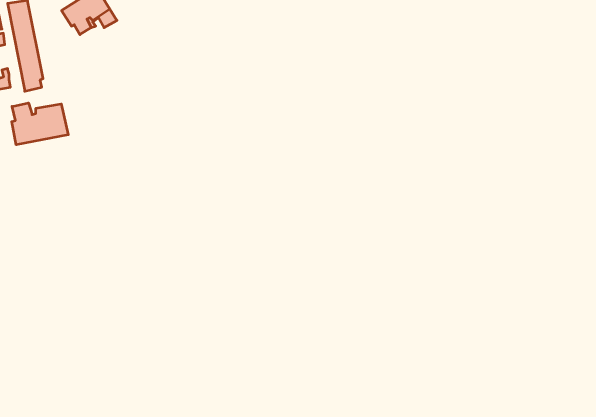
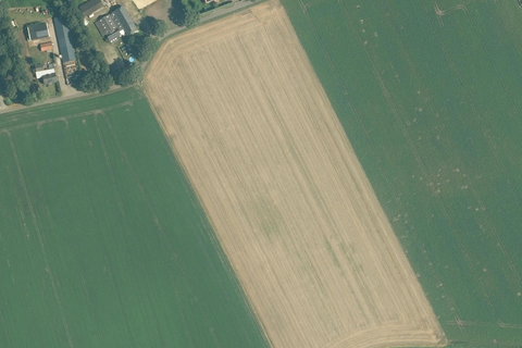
building: [12,103,68,145] -> none

